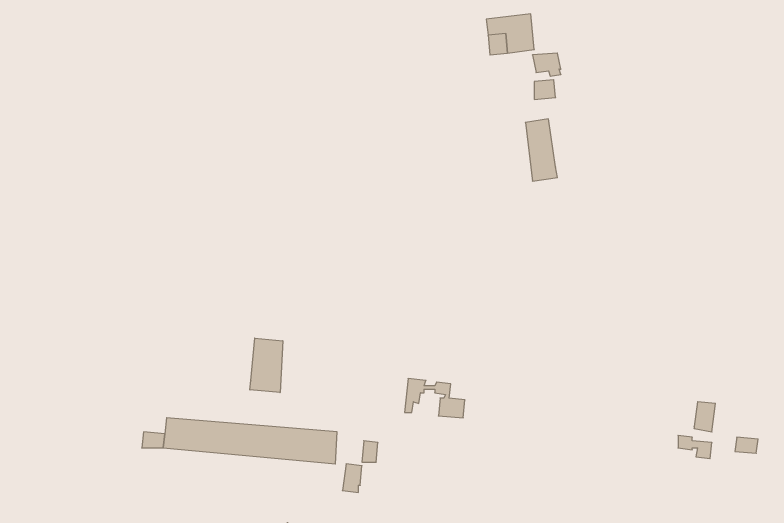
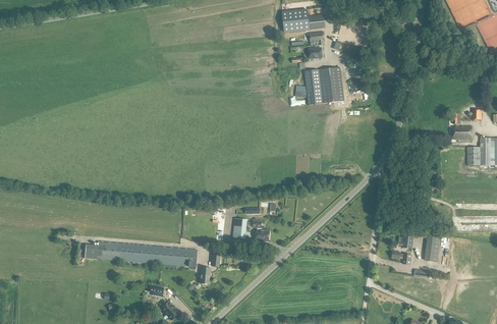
building: none -> [318,67,344,103]
building: [250,338,283,393] -> none

